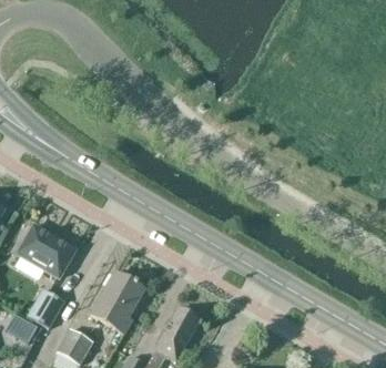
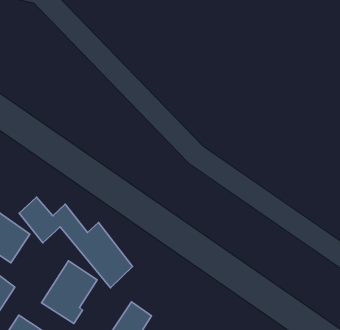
building: none -> [19,197,133,288]

